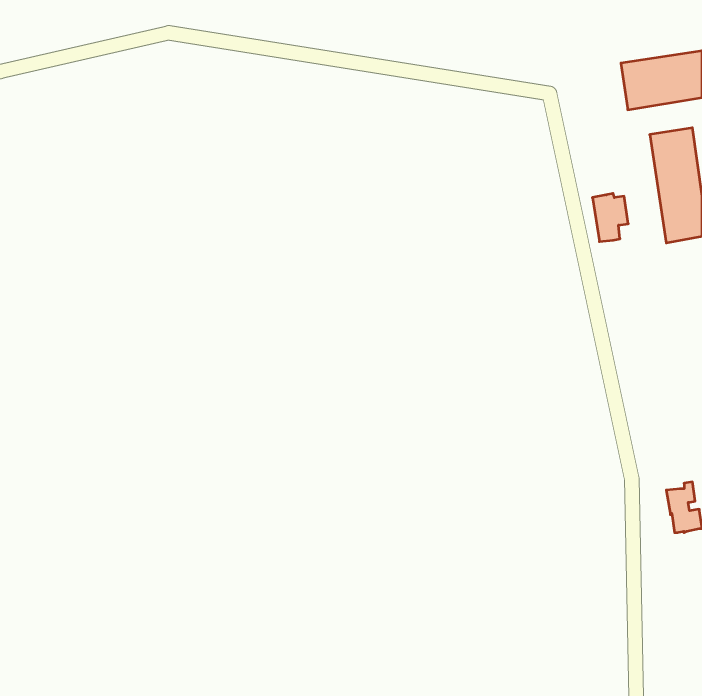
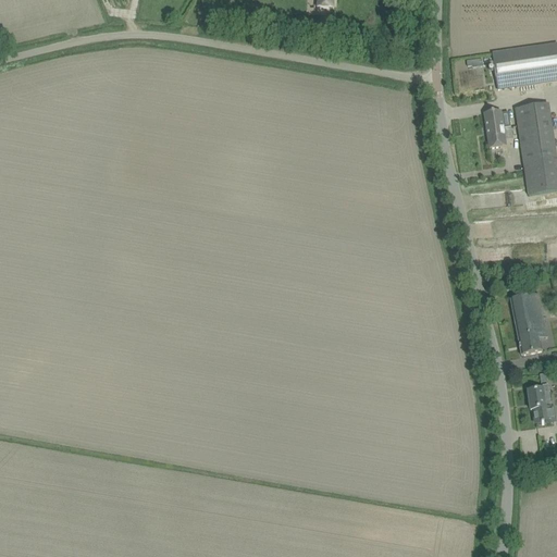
building: [592,193,628,242] -> [484,108,512,146]
building: none -> [510,292,549,352]

